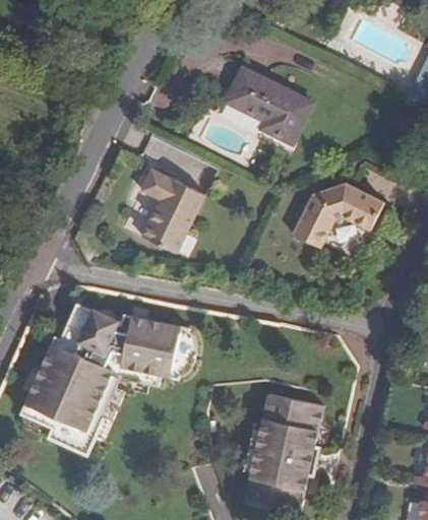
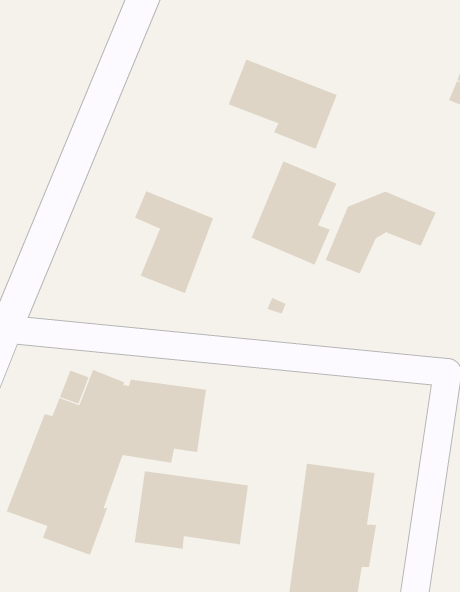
building: none -> [251,161,337,266]
building: none -> [134,471,249,550]

